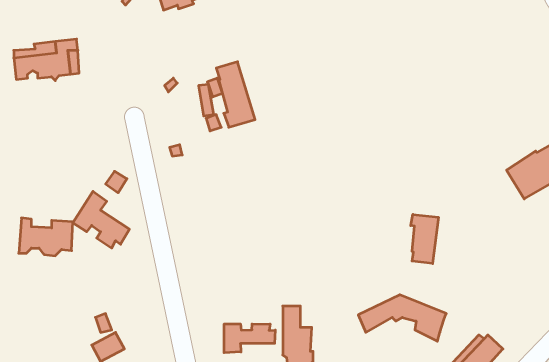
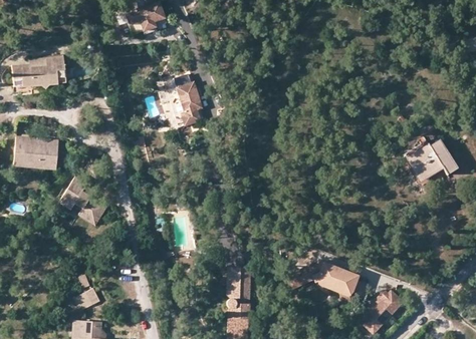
building: [411,214,438,264] -> none
building: [19,218,73,256] -> [14,137,57,167]
building: [224,324,275,353] -> none

